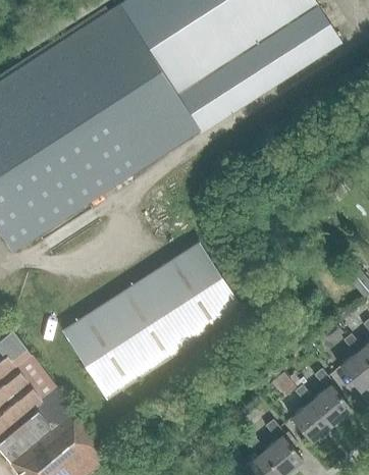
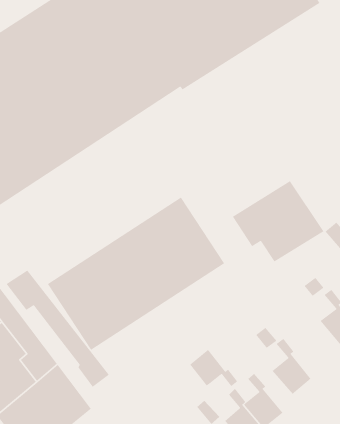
building: none -> [232,180,324,263]
building: none -> [5,269,110,388]
building: [311,369,352,426] -> none
building: none -> [189,349,238,387]

